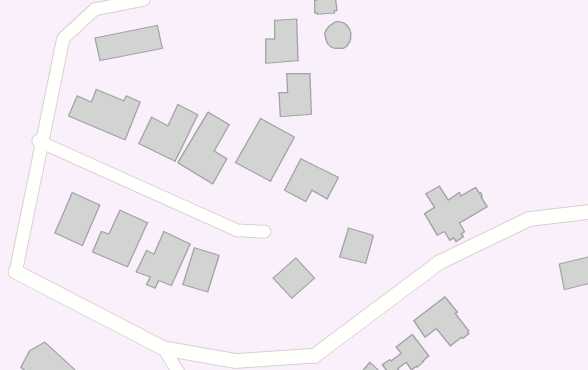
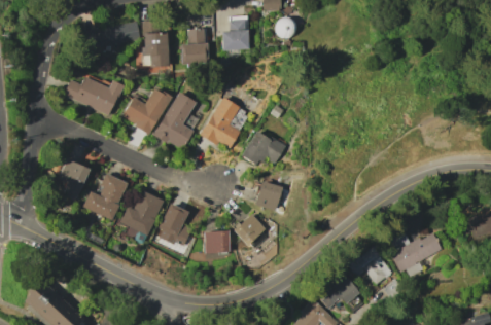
building: none -> [142,21,169,67]
building: [279,74,311,117] -> [181,29,208,64]
building: [424,186,487,242] -> [390,231,442,277]
building: [340,228,373,263] -> [254,181,282,210]
building: none -> [204,229,231,254]

